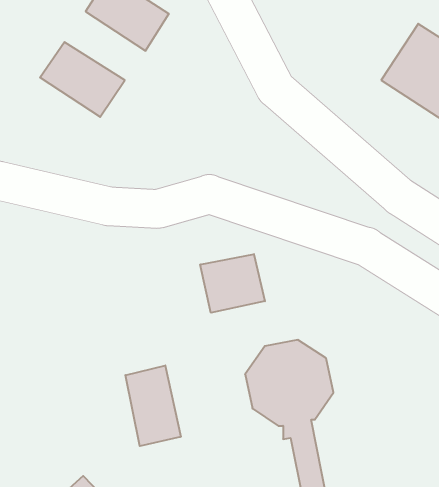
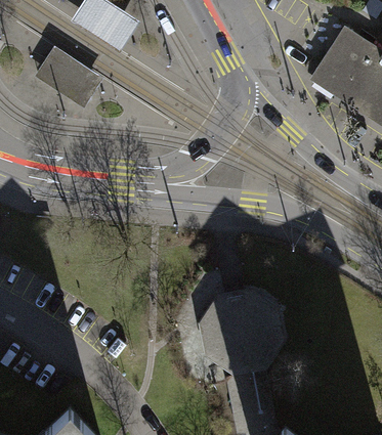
building: [200,254,265,313] -> none
building: [125,365,181,446] -> none

